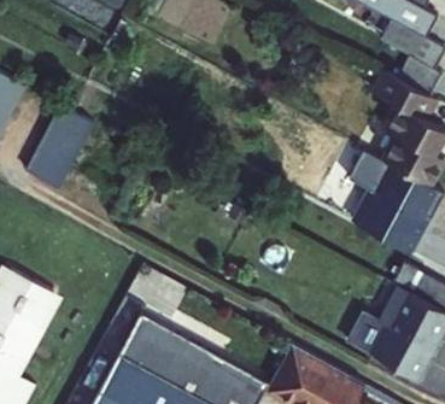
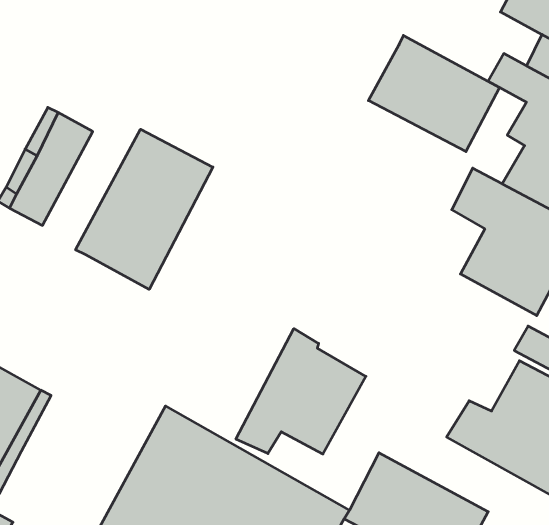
building: none -> [368,35,500,152]
building: none -> [76,129,213,289]
building: none -> [236,329,366,454]

